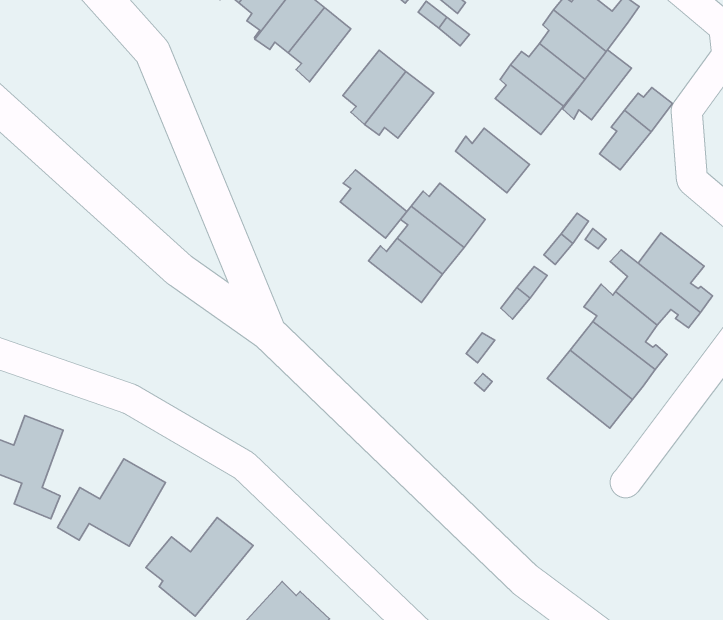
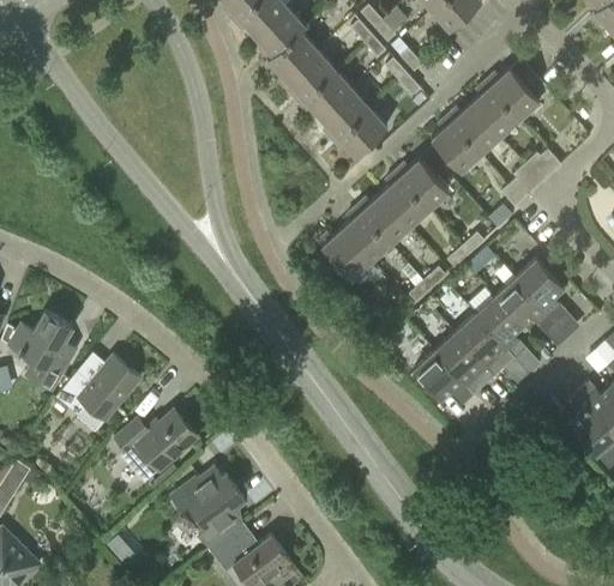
building: none -> [299,70,354,117]
building: [563,50,631,120] -> none
building: [340,170,407,238] -> [381,173,429,226]
building: none -> [415,351,475,405]

